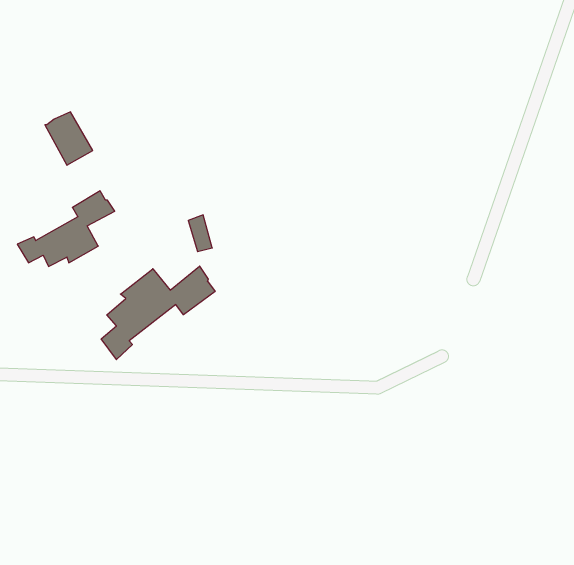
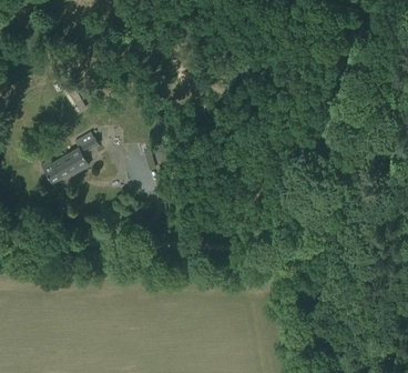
building: [101,266,215,360] -> none

